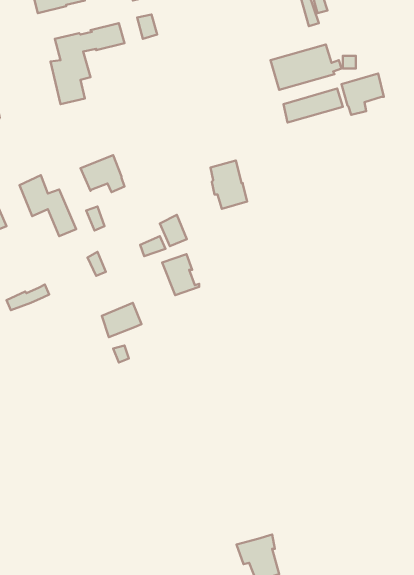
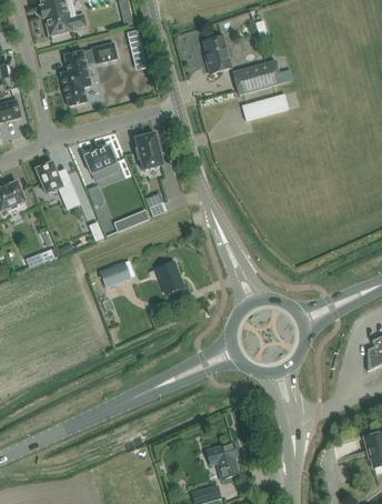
building: none -> [202,36,232,73]
building: [341,73,384,115] -> none
building: [210,160,247,209] -> [134,132,163,170]
building: [162,254,199,295] -> [155,261,184,293]

